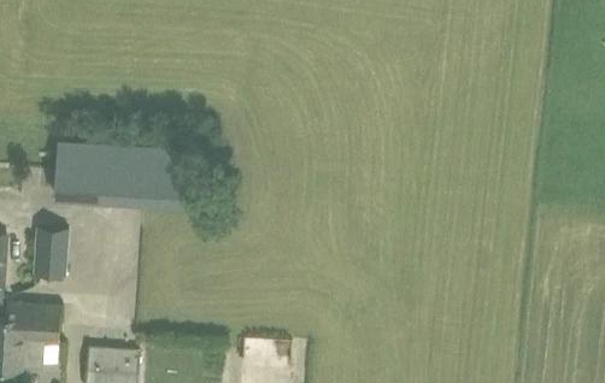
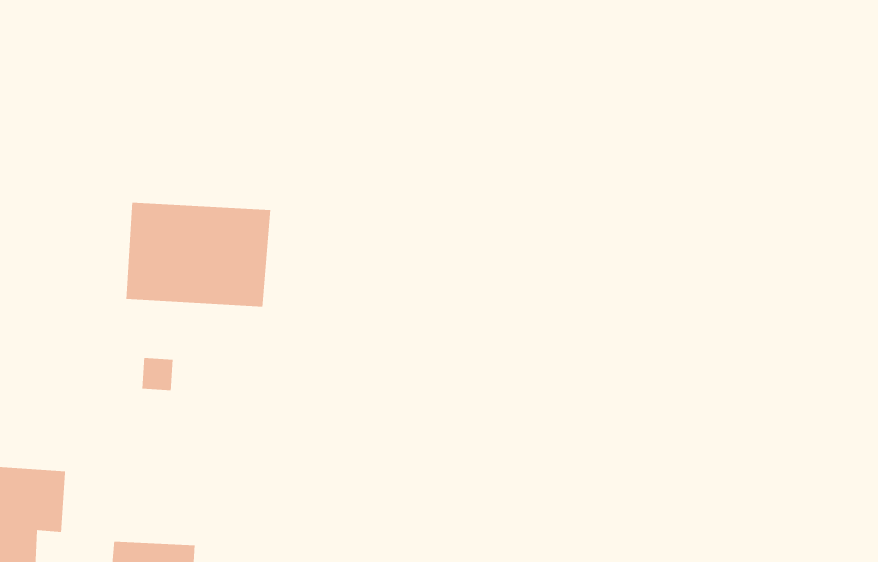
building: [53,141,100,204] -> none
building: [34,229,66,277] -> none

